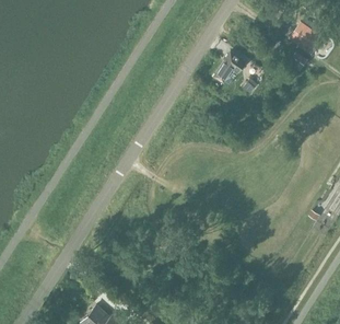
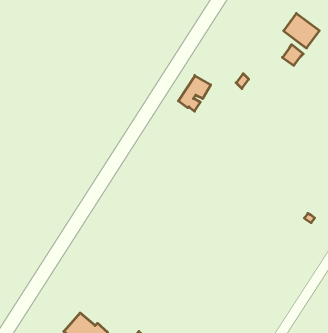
building: [214,51,245,85] -> [178,75,211,111]

